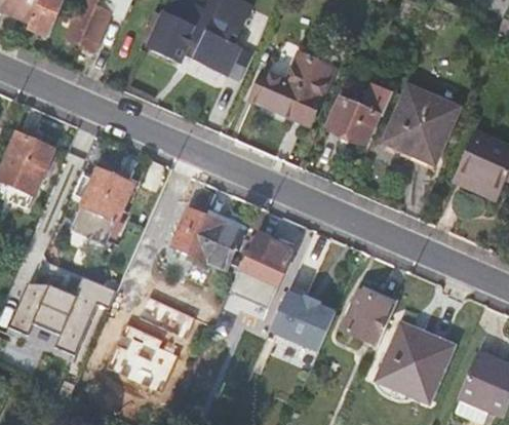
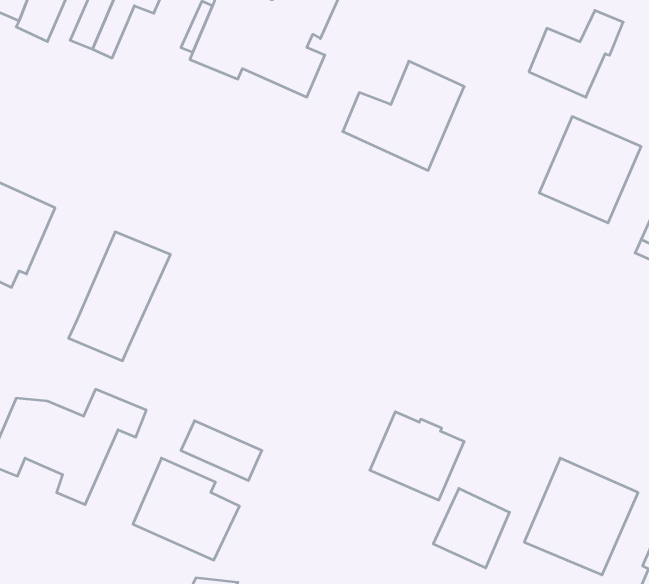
building: [326,85,391,145] -> [529,10,623,97]
building: [171,207,240,268] -> none
building: [230,231,295,311] -> none
building: [341,291,393,345] -> [433,488,510,568]

